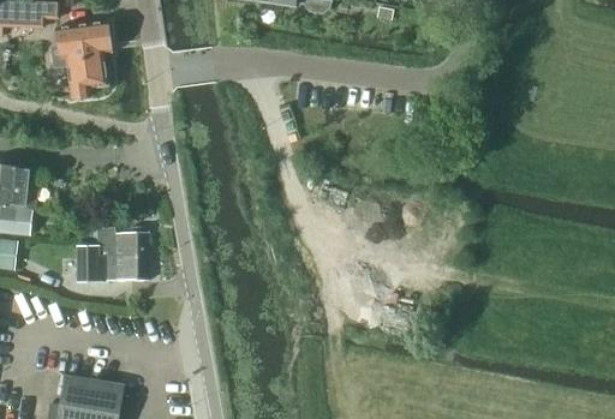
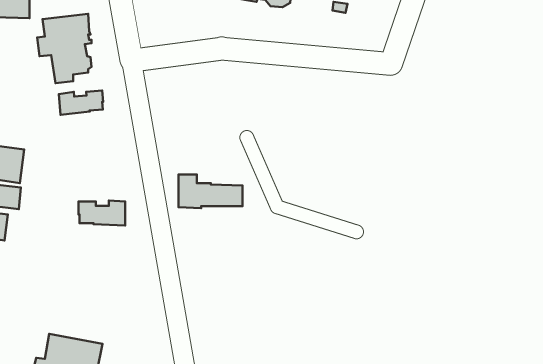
building: none -> [59,90,103,115]
building: [77,243,148,280] -> [178,175,242,208]

